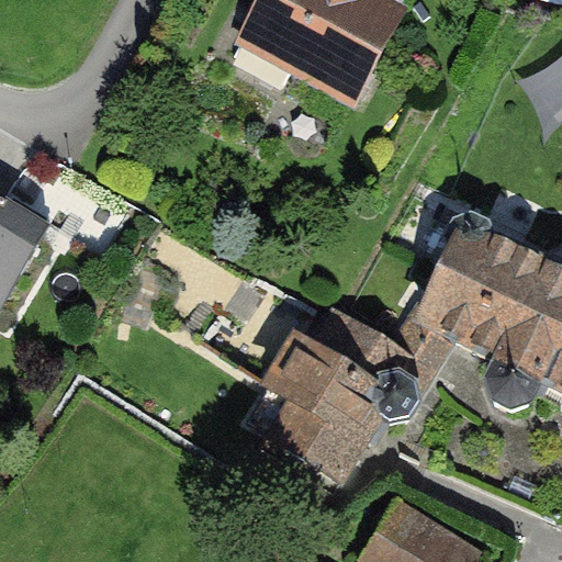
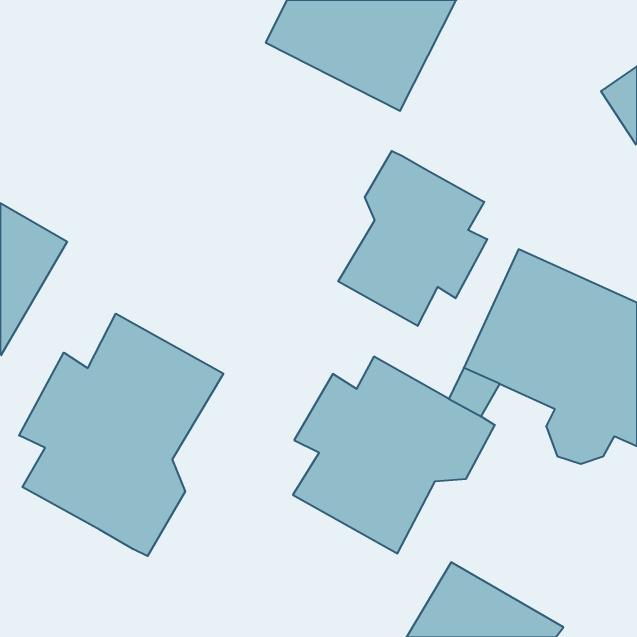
building: none -> [338,151,487,326]
building: none -> [19,314,223,556]

